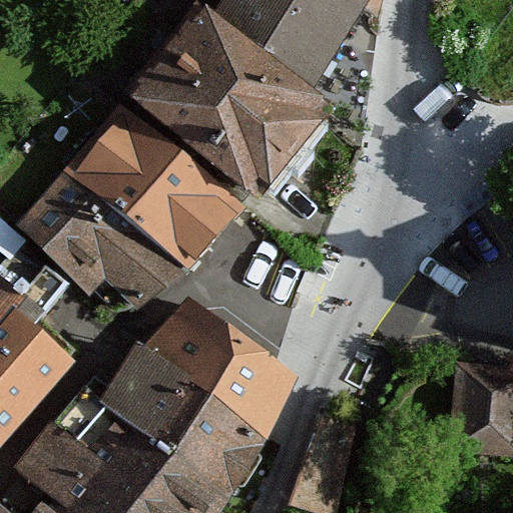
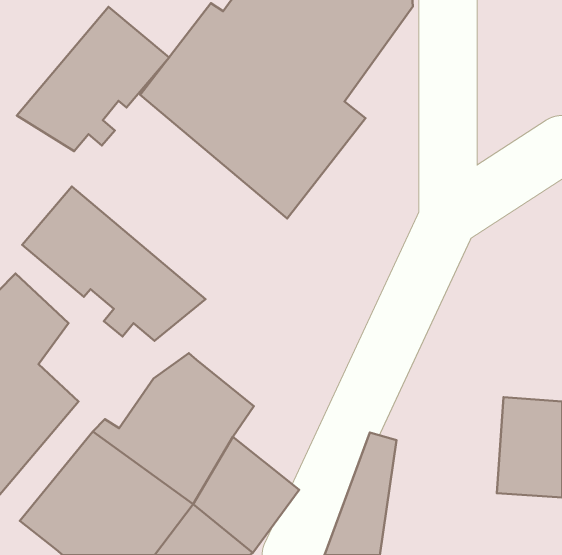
building: none -> [17,7,169,151]
building: [65,102,242,272] -> none
building: [178,307,295,441] -> none

